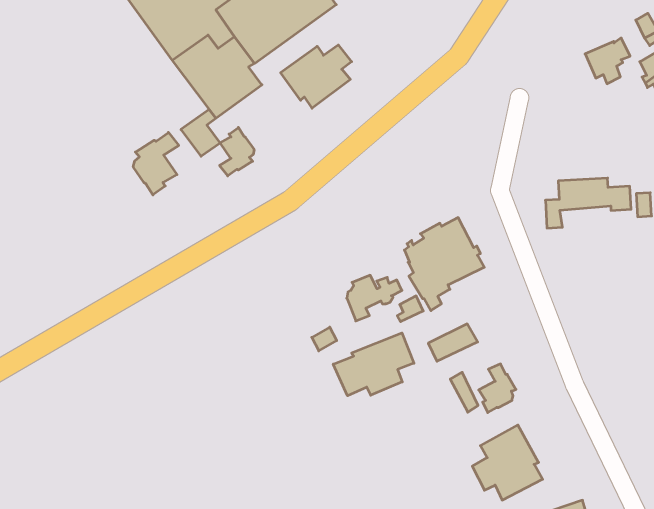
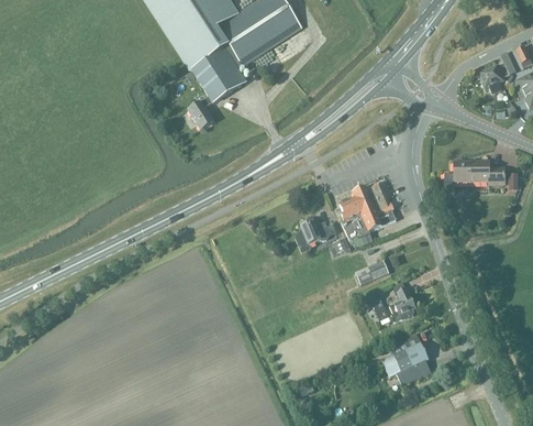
building: [281,45,352,108] -> none
building: [220,127,254,176] -> none
building: [133,132,179,195] -> none
building: [333,333,414,396] -> none

